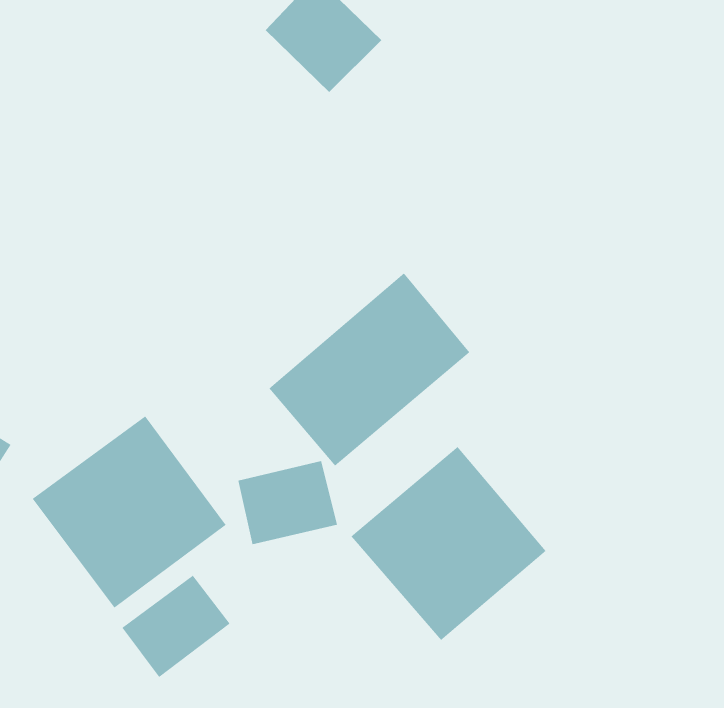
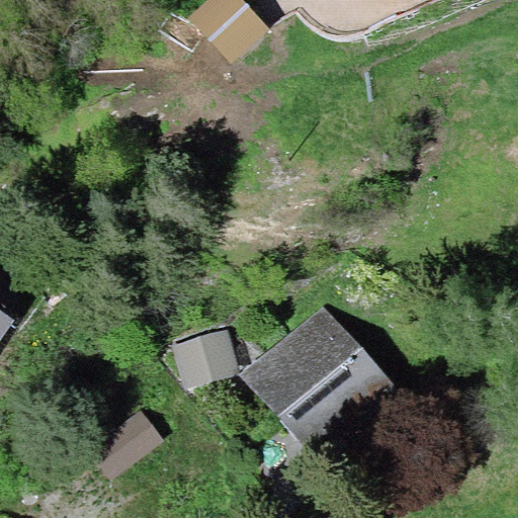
building: [269,272,470,467] -> none
building: [32,416,226,608] -> none

